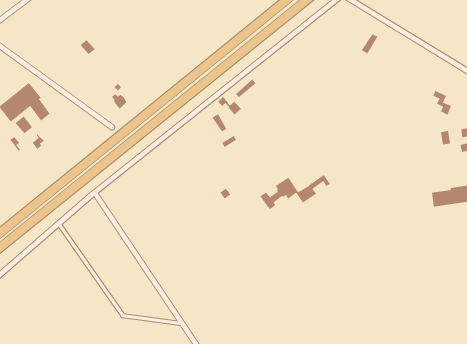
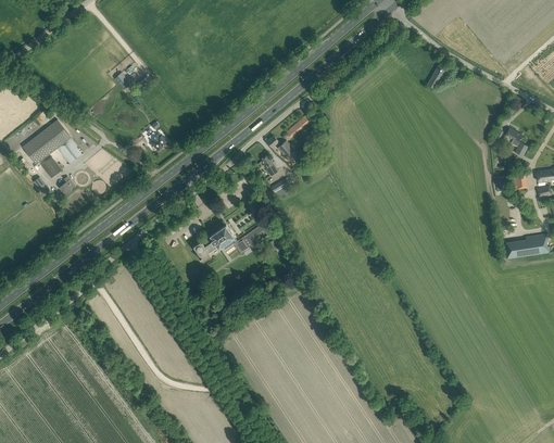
building: [260,174,331,210] -> [193,222,273,262]

